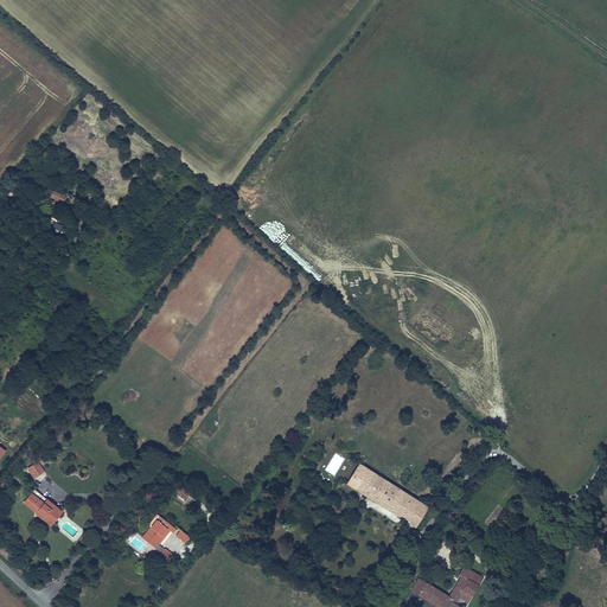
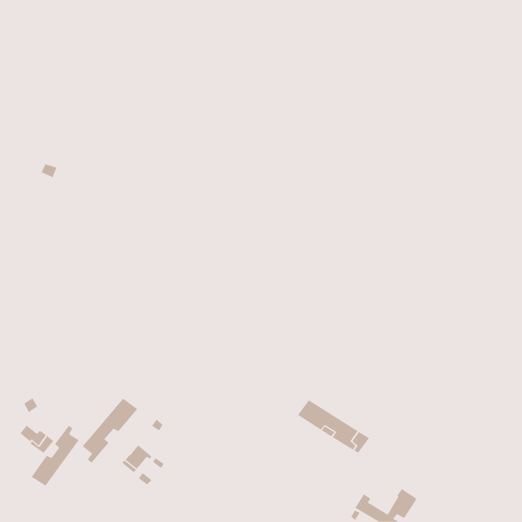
building: none -> [82,398,138,463]
building: none -> [31,425,79,486]

